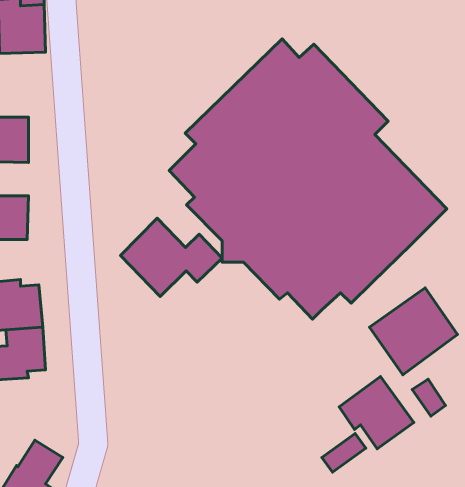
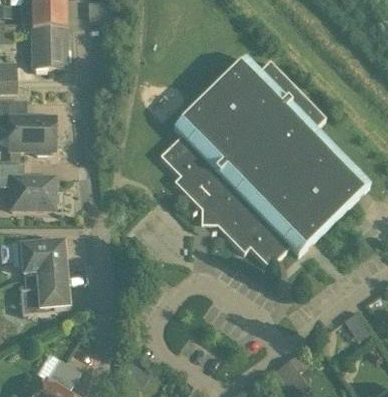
building: [120,218,222,296] -> none
building: [369,288,458,375] -> none
building: [339,377,414,449] -> none

